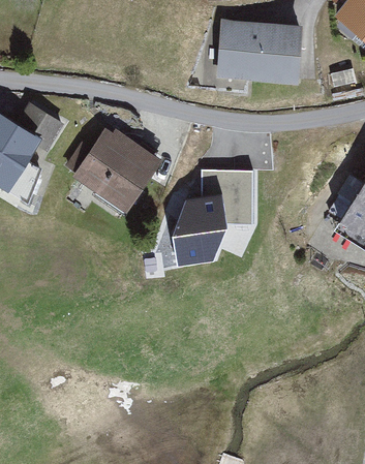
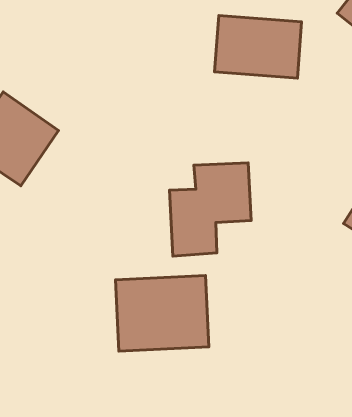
building: [72,129,157,214] -> none
building: none -> [115,275,209,351]

